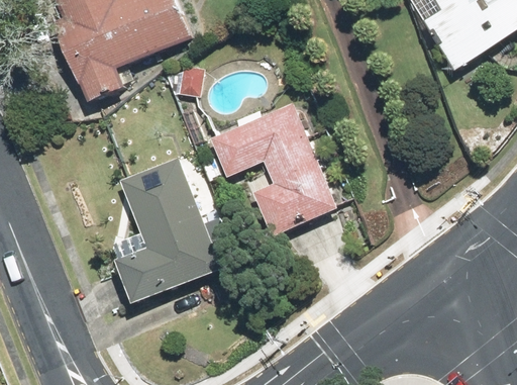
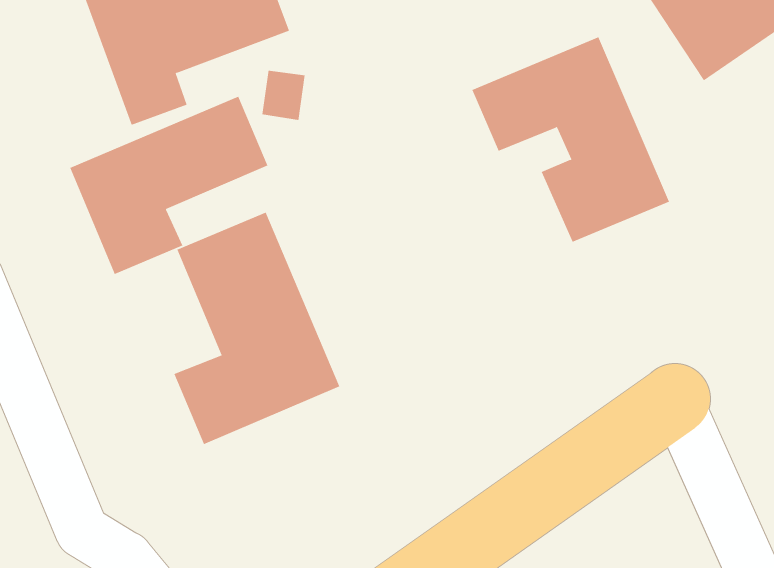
building: none -> [69,96,268,275]
building: [208,103,335,235] -> [472,36,670,243]

